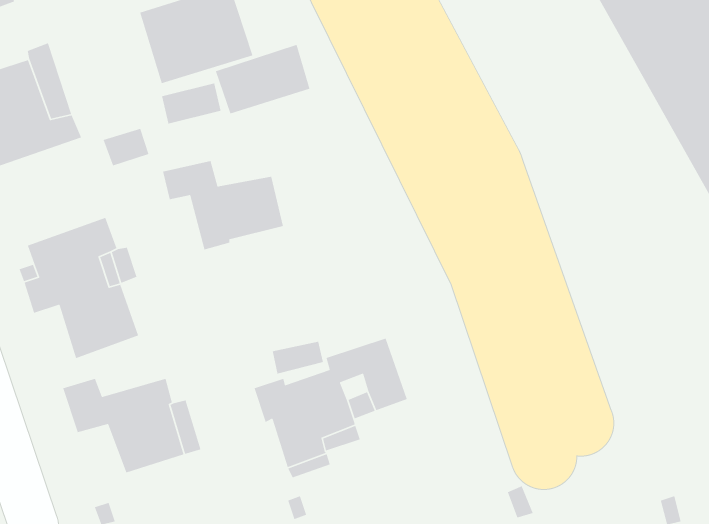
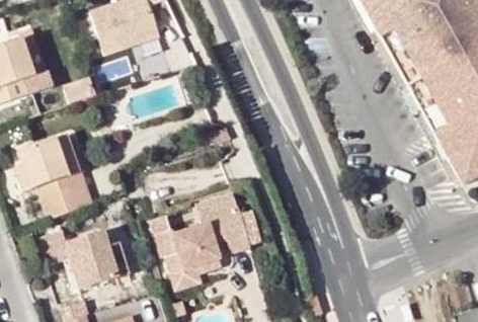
building: [162,160,284,250] -> none

